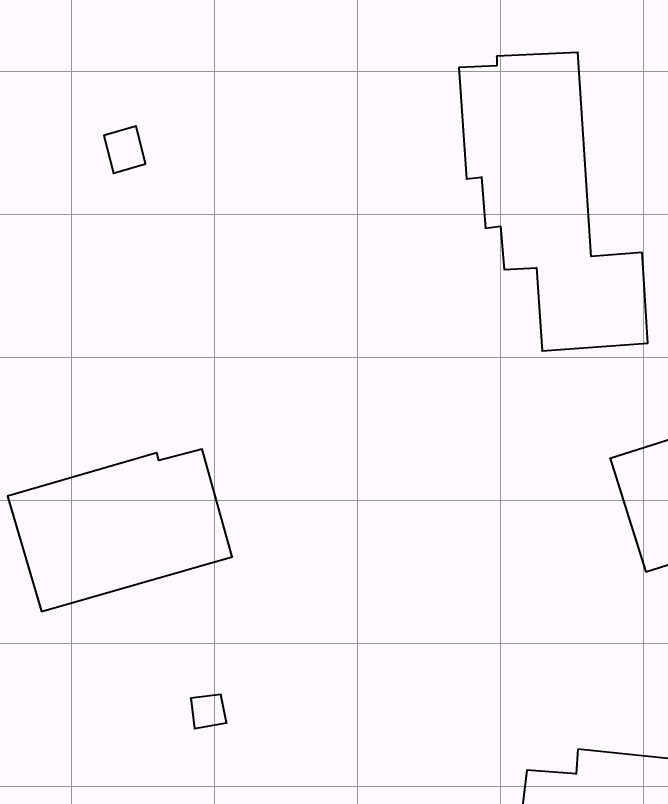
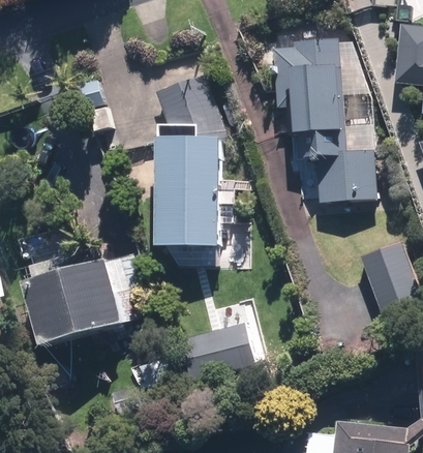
building: none -> [155,73,222,244]
building: none -> [179,321,254,379]

